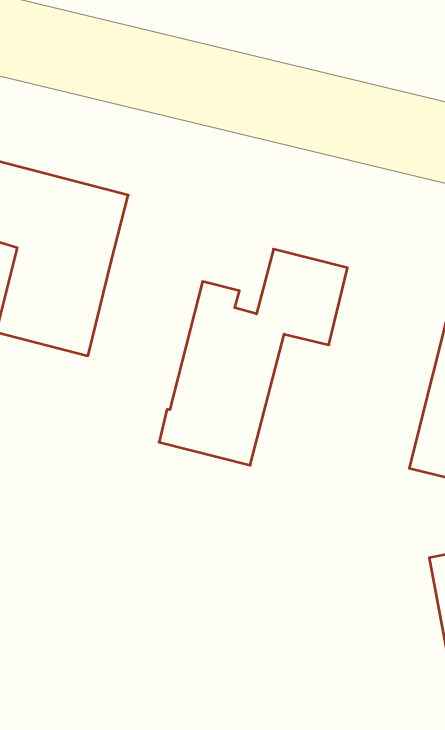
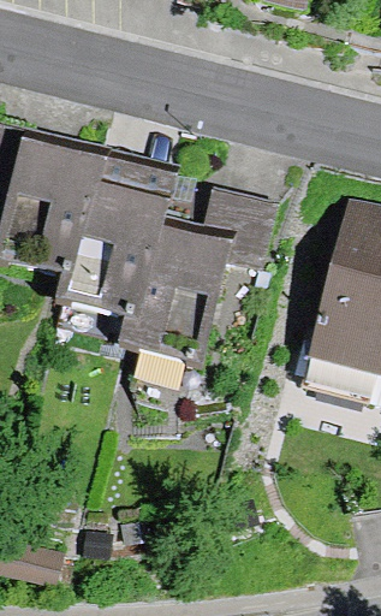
building: none -> [66,189,169,321]

